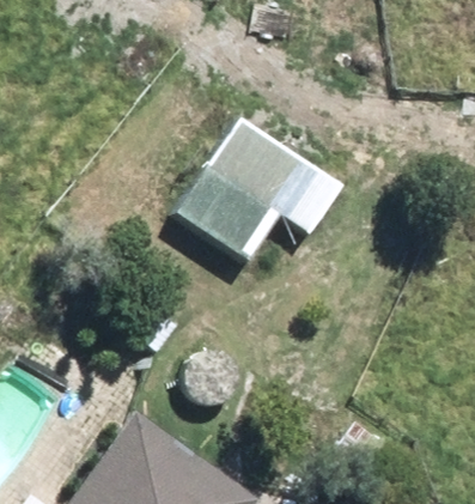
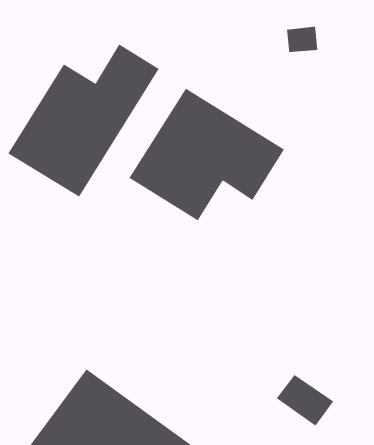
building: none -> [7,43,160,197]

